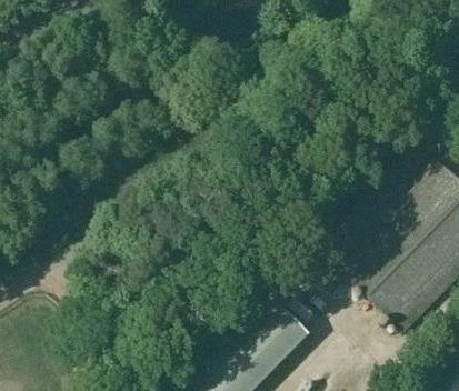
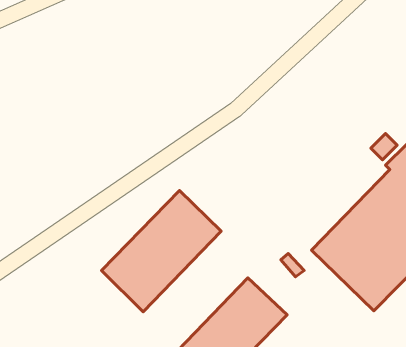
building: none -> [101,191,221,312]

